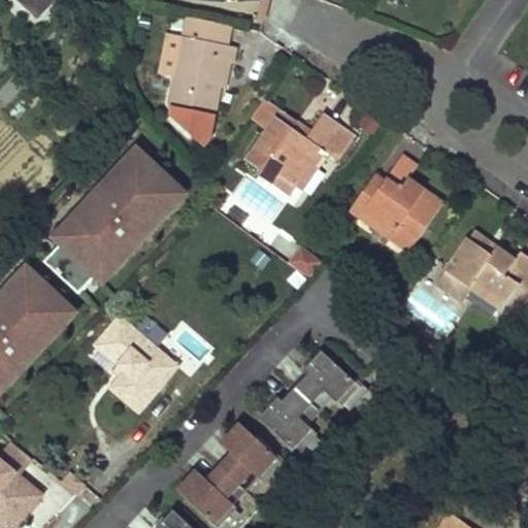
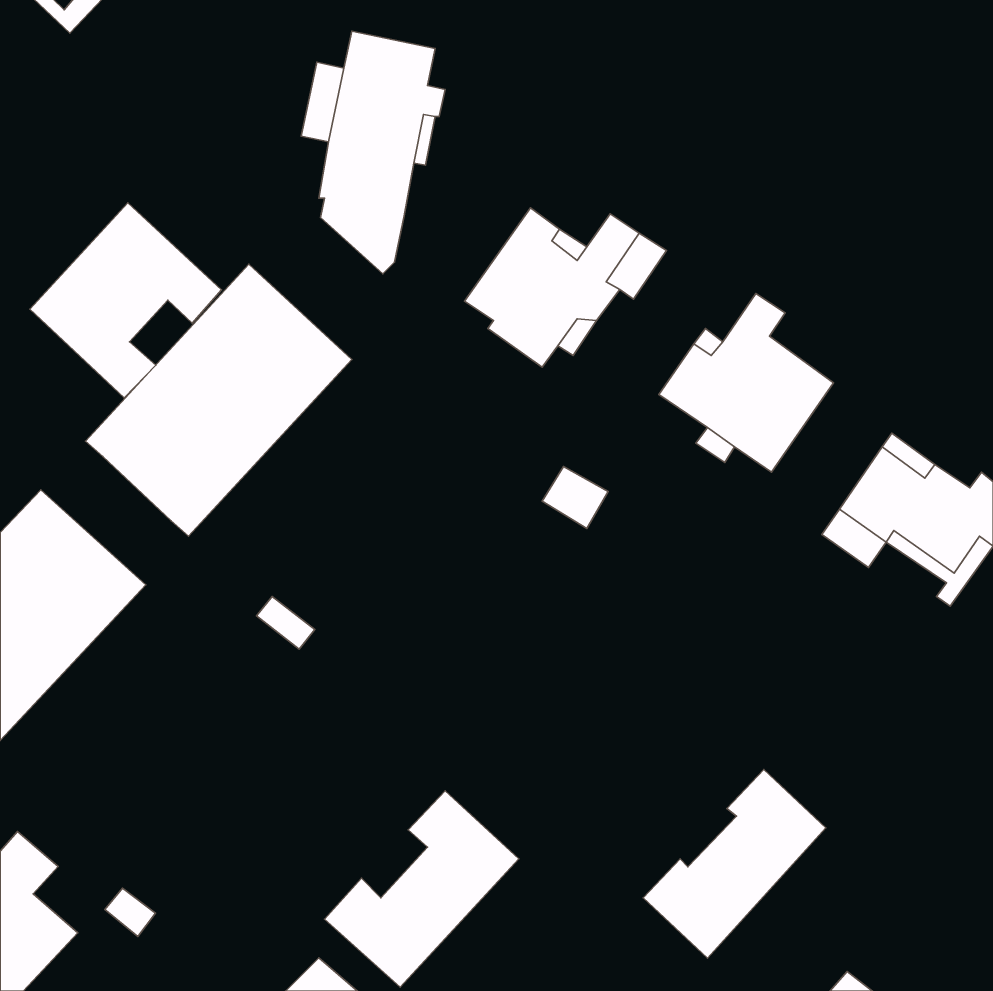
building: none -> [30,203,222,398]
building: [39,242,91,293] -> none
building: [89,314,177,415] -> none
building: [255,349,352,449] -> [643,770,826,958]

